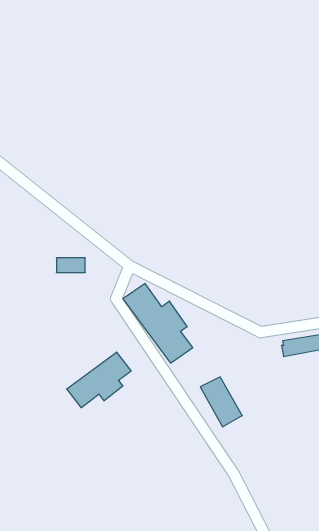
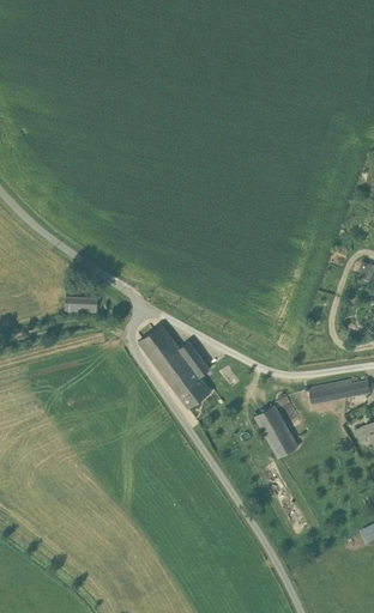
building: [67,352,131,408] -> none
building: [200,377,242,427] -> [254,406,300,460]

